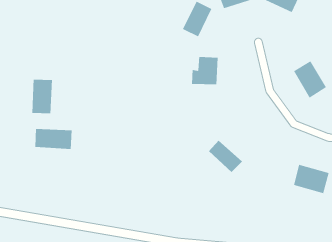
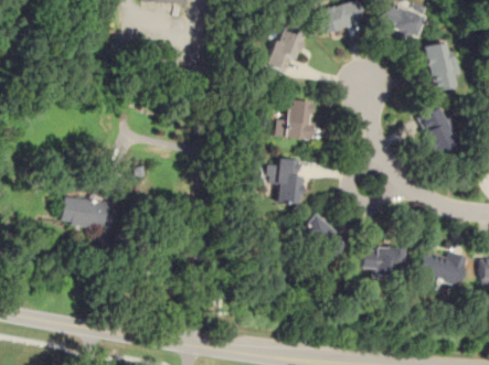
building: none -> [424,41,458,90]
building: [32,79,52,114] -> none
building: none -> [268,158,302,203]
building: none -> [363,247,404,272]

